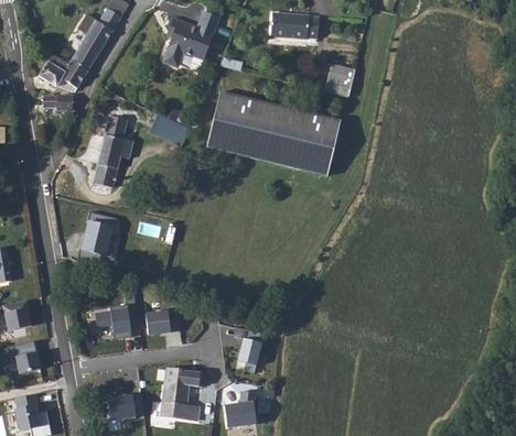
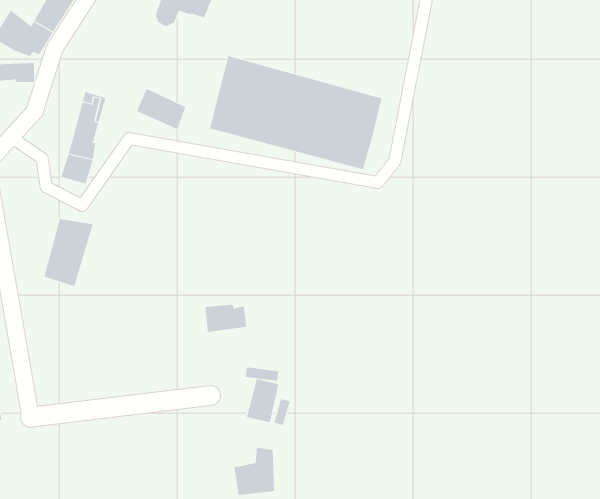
building: [325,64,355,98] -> none
building: [95,306,131,335] -> none
building: [146,313,179,335] -> [204,304,247,333]
building: [159,368,201,419] -> none
building: [107,394,137,421] -> none

